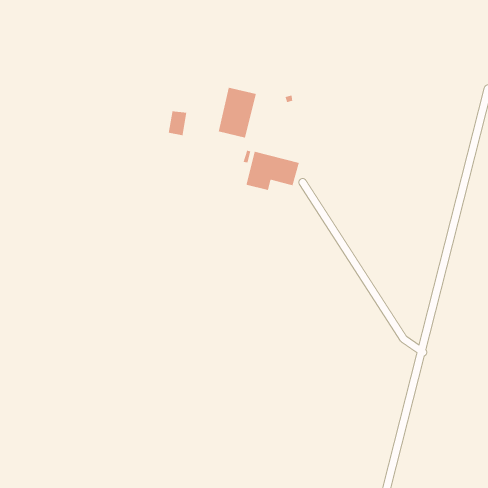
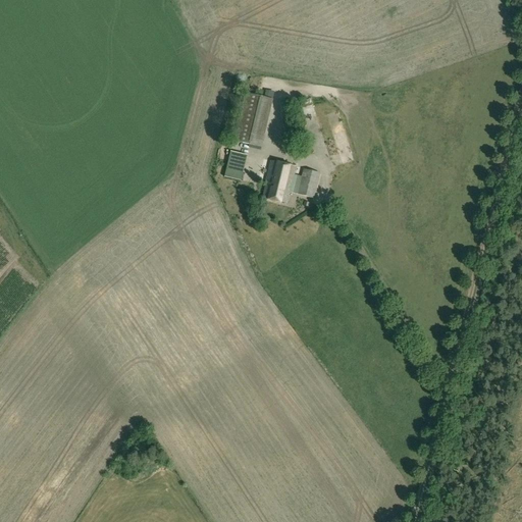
building: [168,110,187,136] -> [226,150,247,177]

